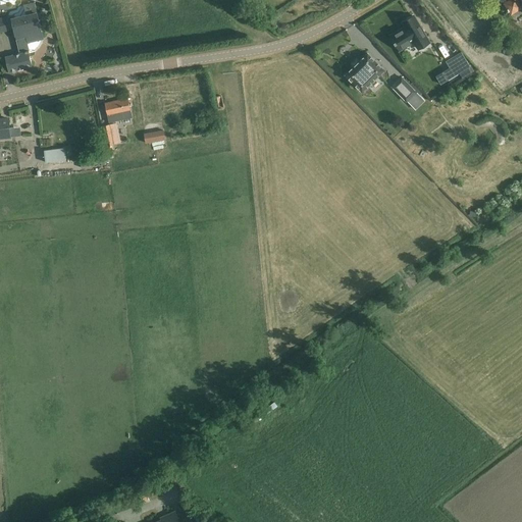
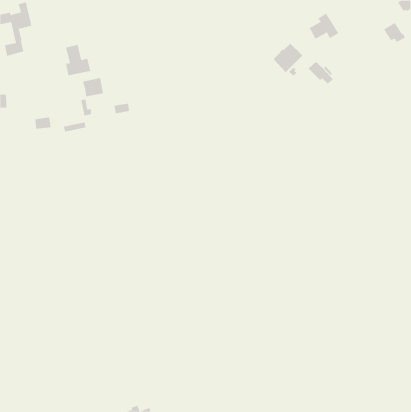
building: [445,52,473,77] -> [383,22,406,42]
building: none -> [65,44,91,76]

